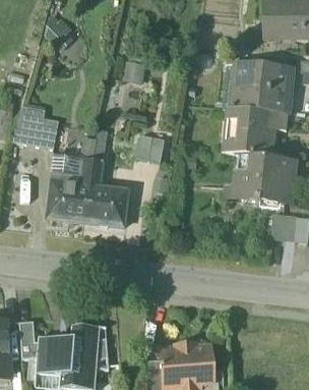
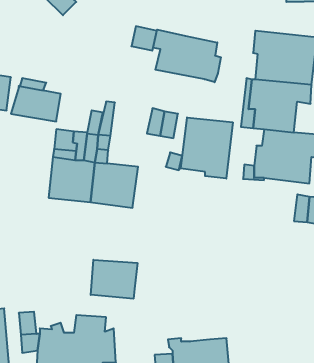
building: none -> [153,30,221,82]
building: none -> [181,117,233,179]
building: none -> [91,260,137,299]

